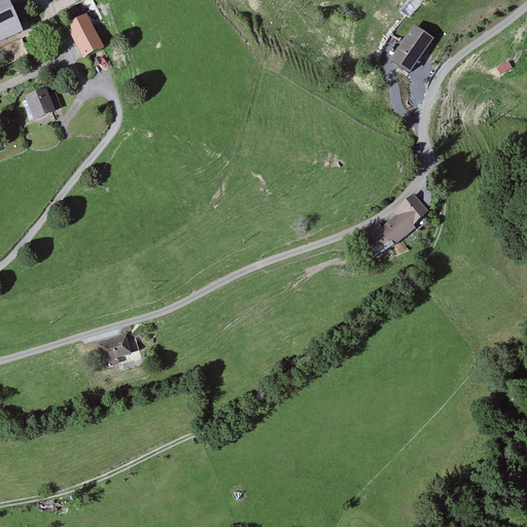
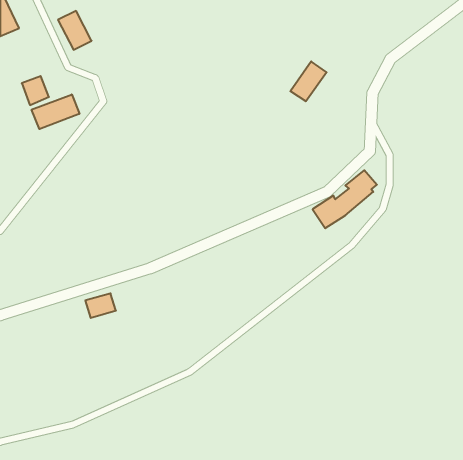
building: [391,25,432,70] -> [290,61,327,101]
building: none -> [32,94,79,129]

